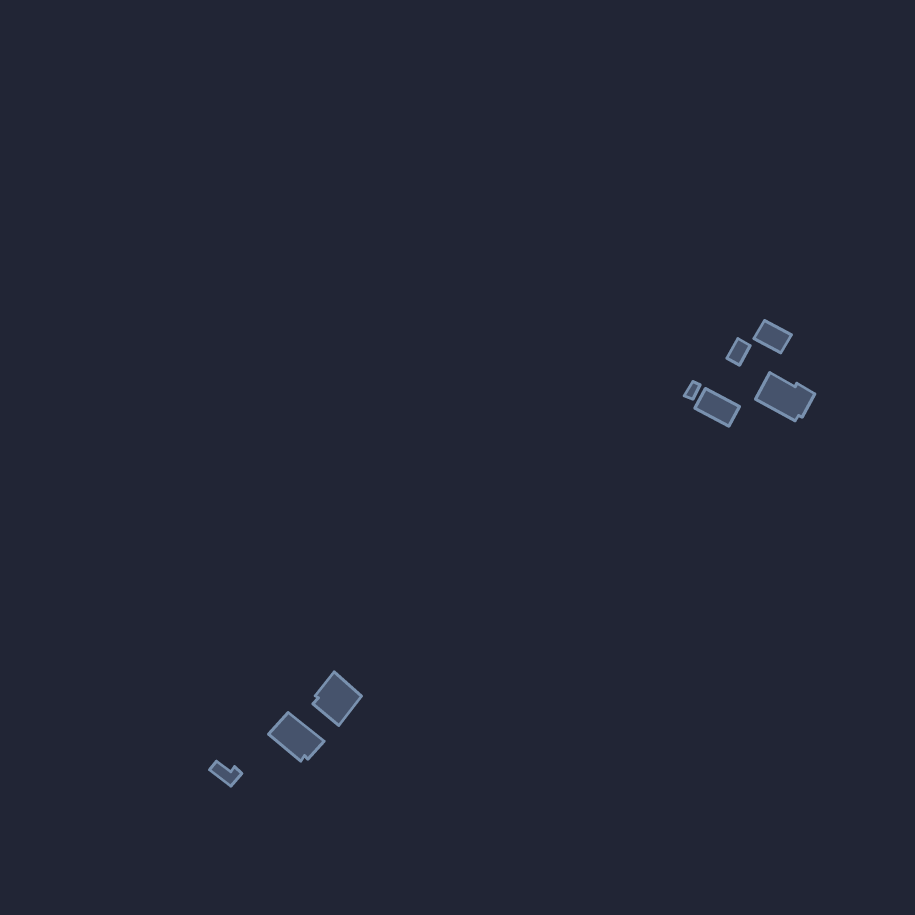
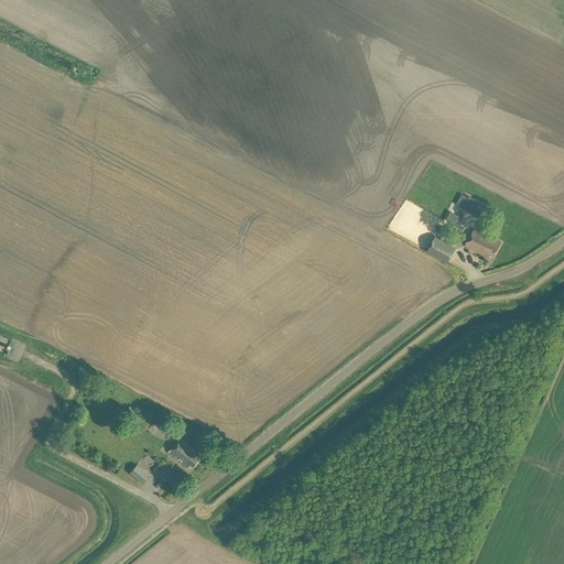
building: [313,672,362,725] -> none

